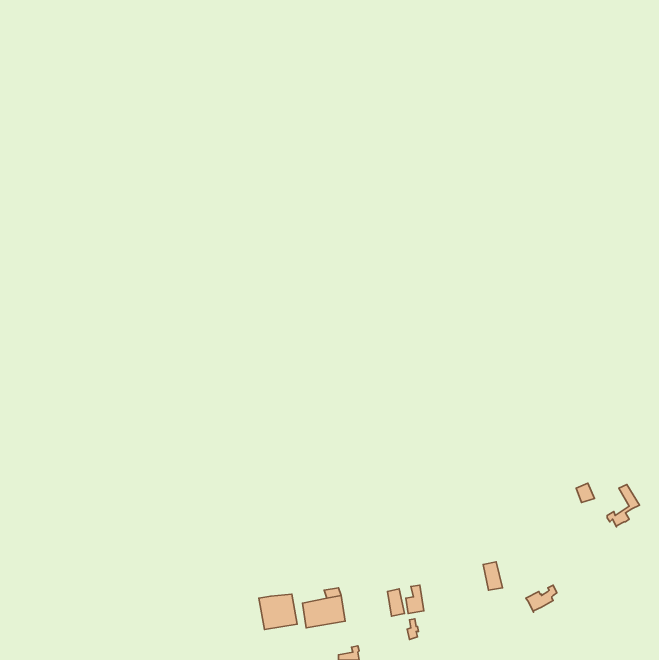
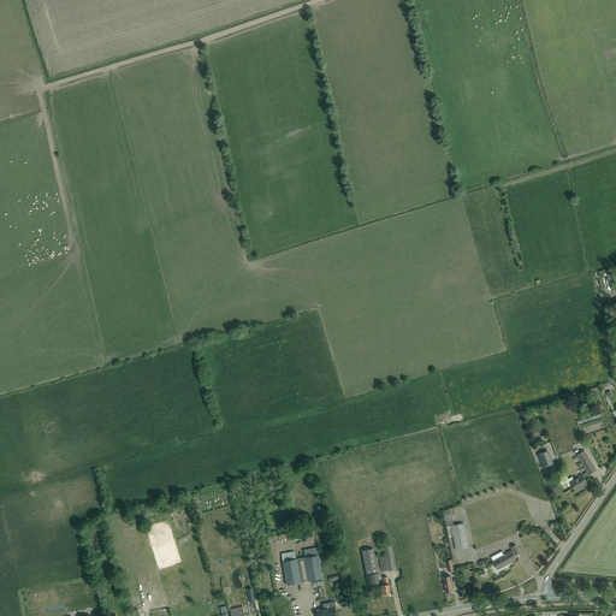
building: [259,594,297,630] -> none

